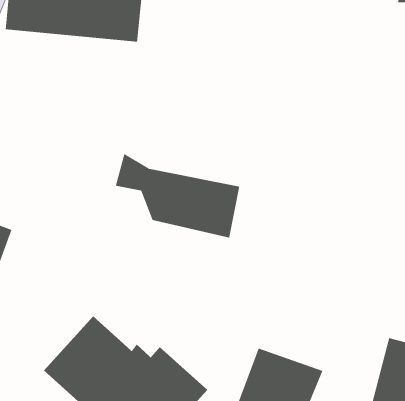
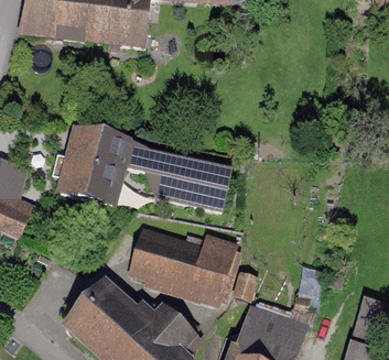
building: none -> [56,122,133,208]
building: none -> [127,225,236,305]

